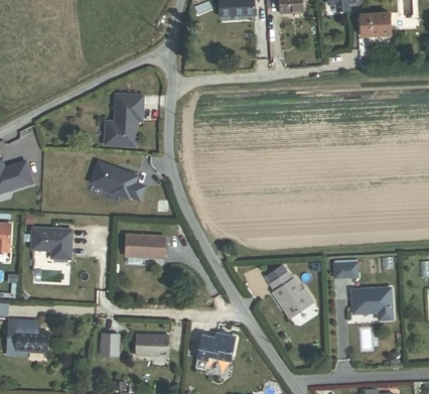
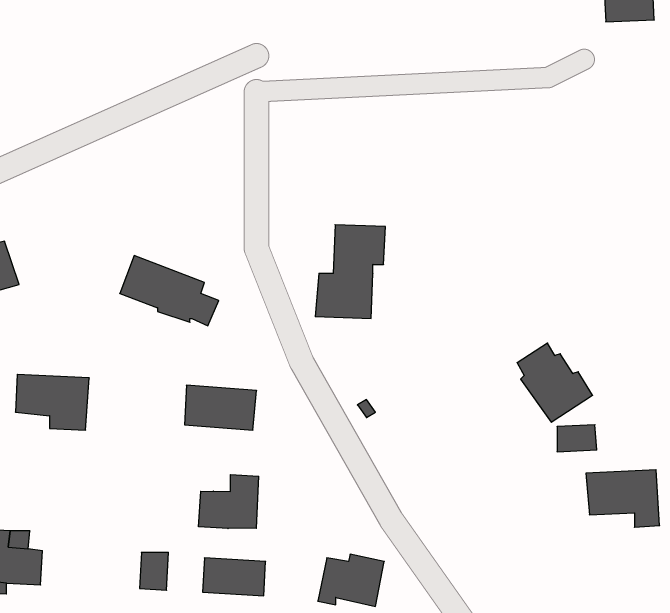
building: [104,101,143,153] -> [315,225,385,318]
building: [270,270,312,314] -> [517,343,593,422]
building: none -> [199,475,259,529]

